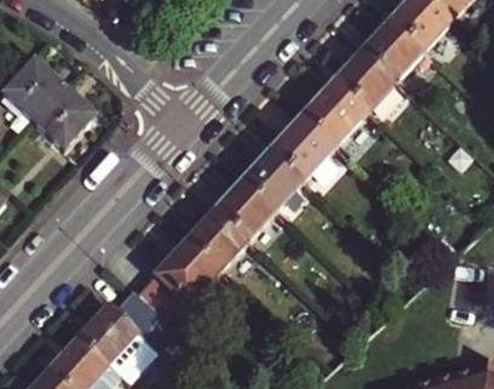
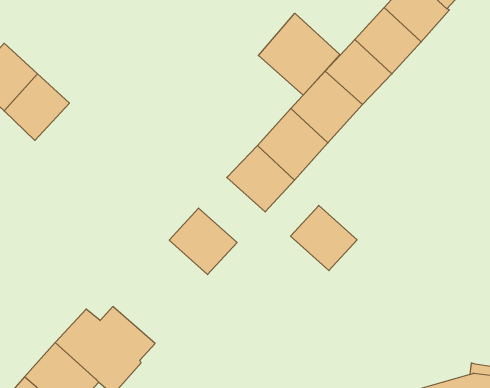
building: none -> [258,13,340,95]
building: [213,181,276,242] -> [291,205,357,271]
building: [136,240,222,315] -> none

